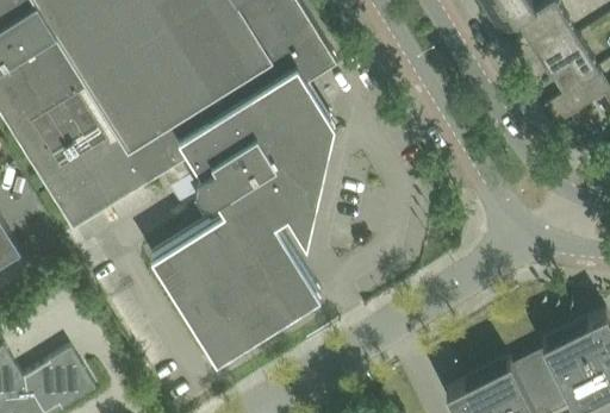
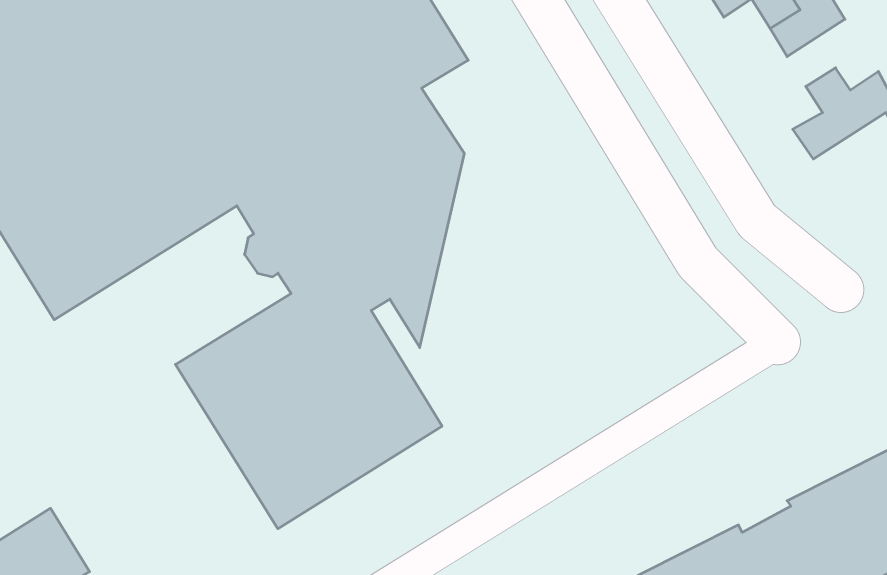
building: [541,39,599,85] -> none

